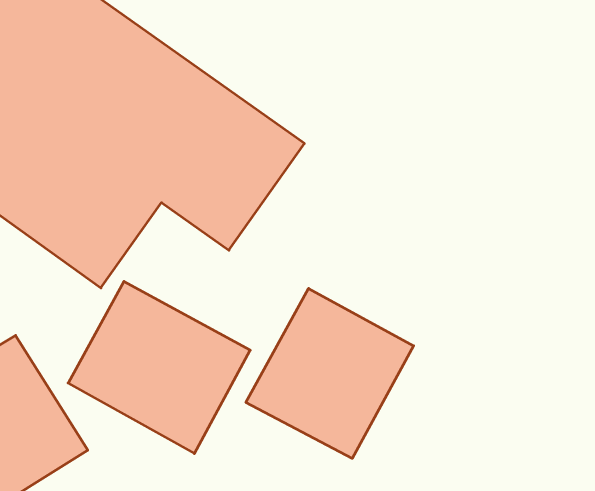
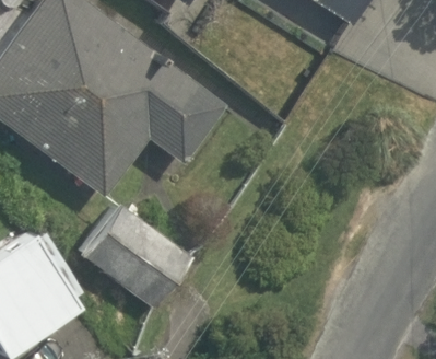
building: [246,288,414,458] -> none

